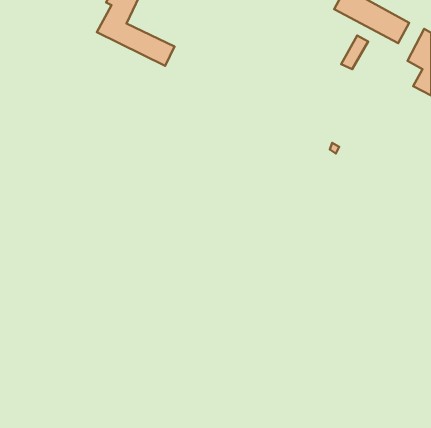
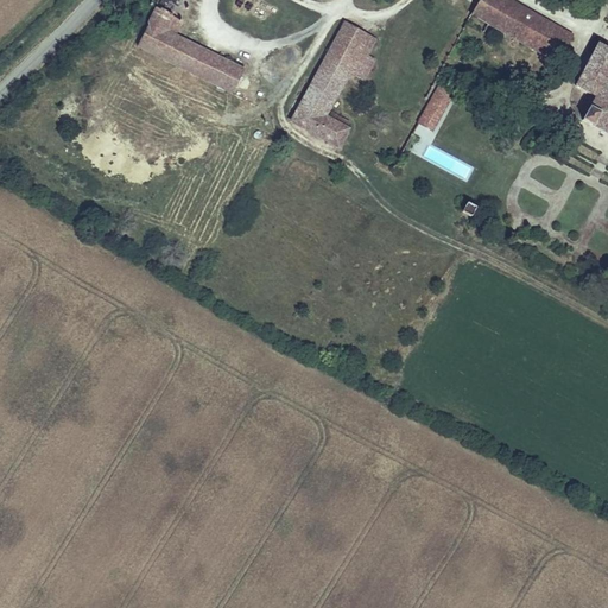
building: none -> [289,18,378,147]
building: [341,35,368,69] -> [418,81,456,128]

